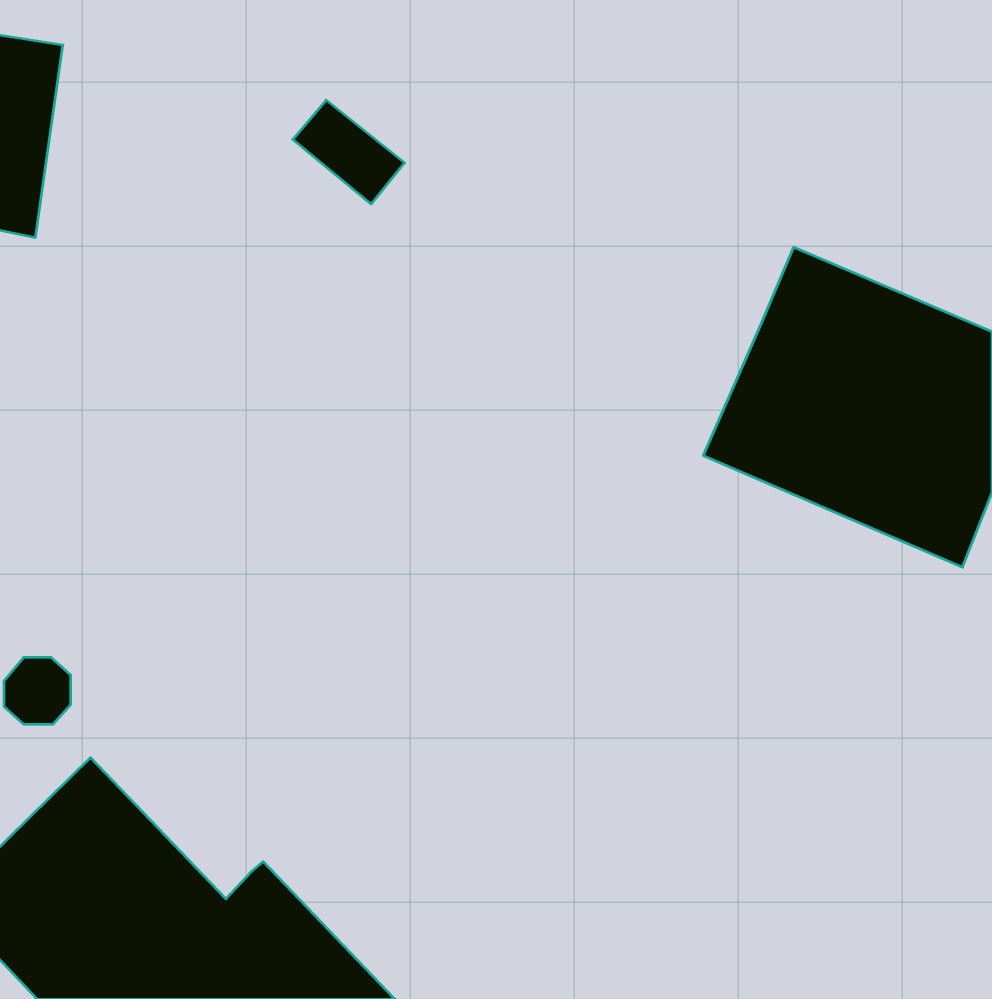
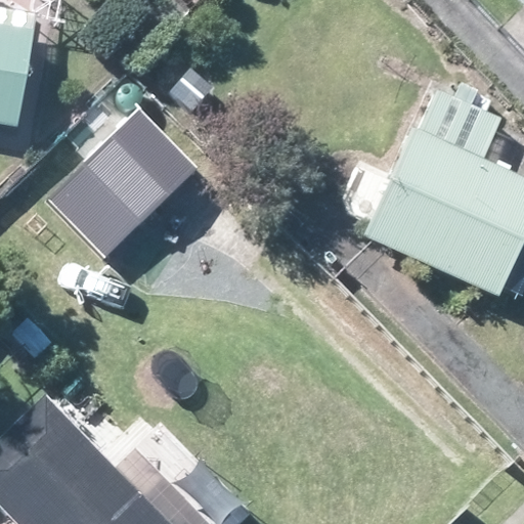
building: none -> [84,111,200,226]

